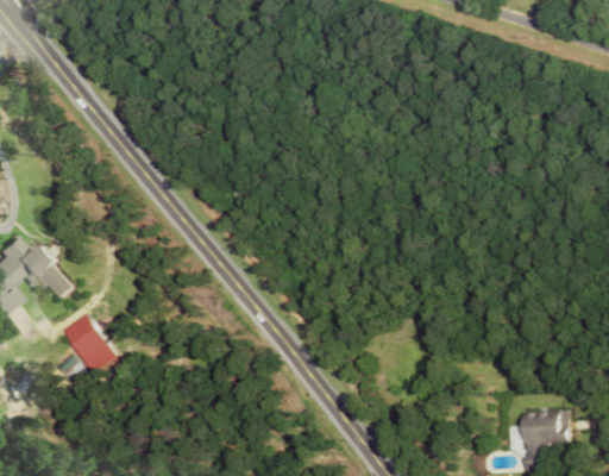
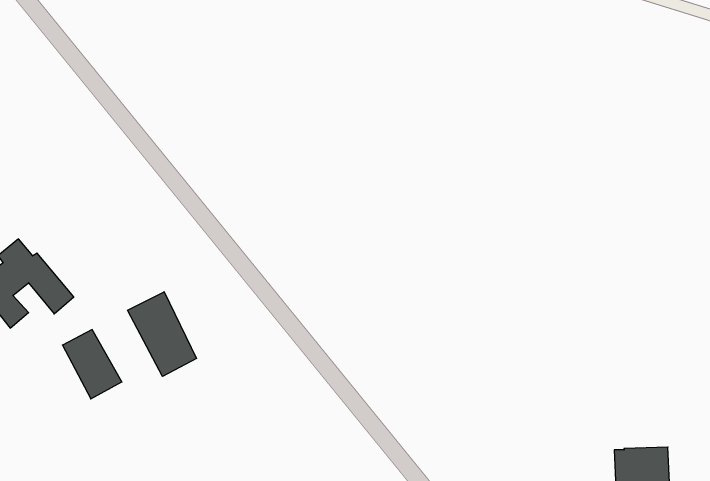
building: none -> [128,292,197,376]

